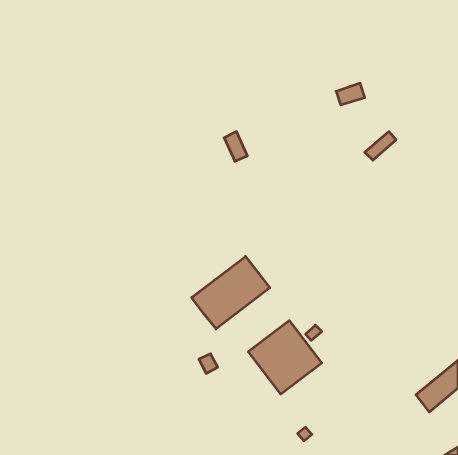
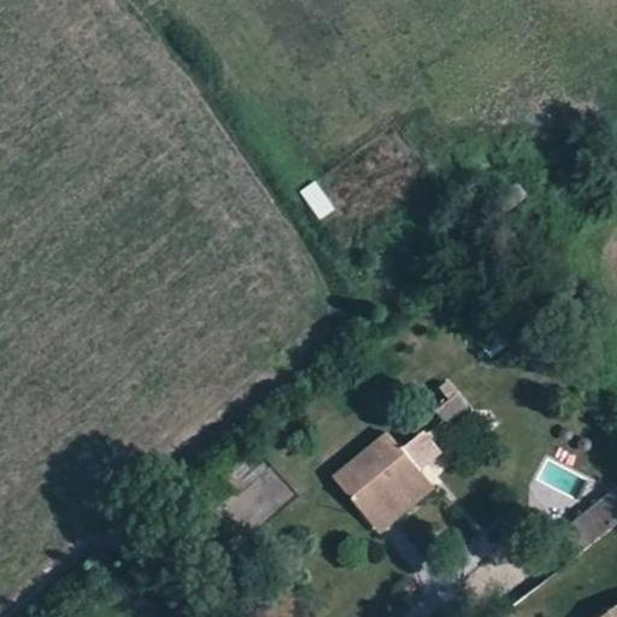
building: [192,256,270,329] -> none

